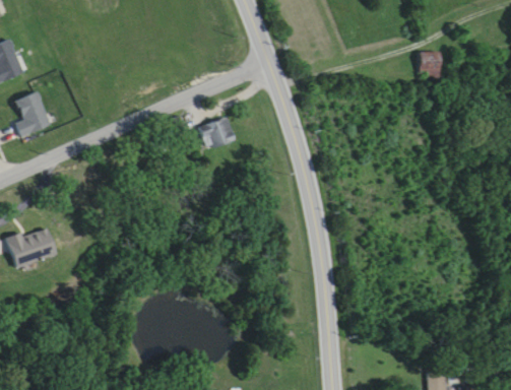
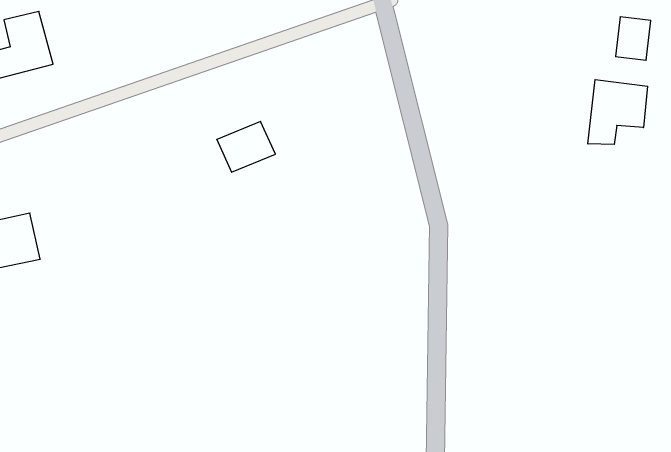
building: none -> [588,80,648,144]
building: [197,115,237,150] -> [217,121,275,172]

